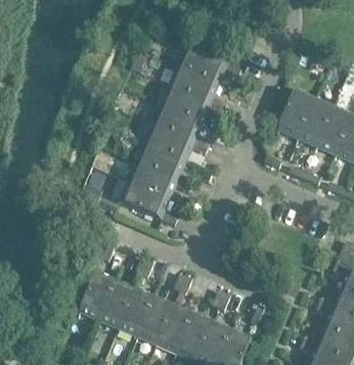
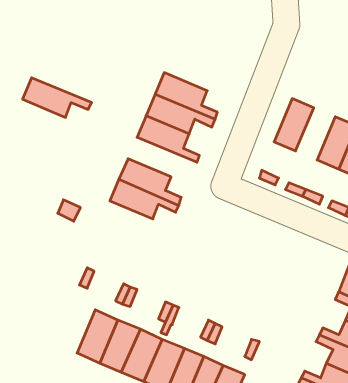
building: [178,46,240,83] -> none
building: [297,98,333,145] -> none
building: [145,125,208,161] -> [23,78,92,117]
building: [121,182,177,225] -> none
building: [80,272,116,319] -> none

